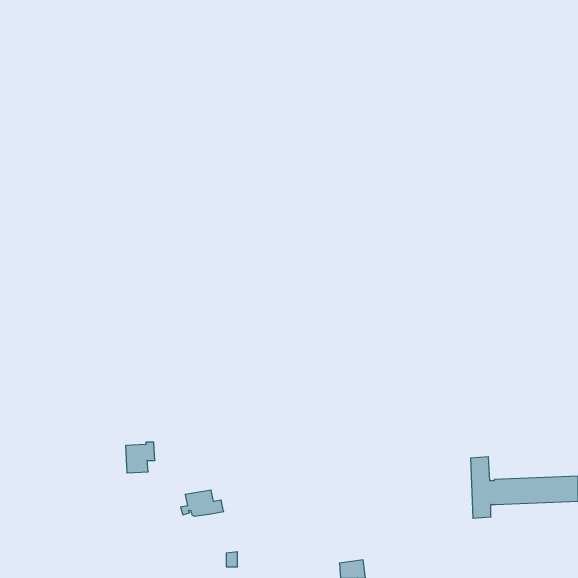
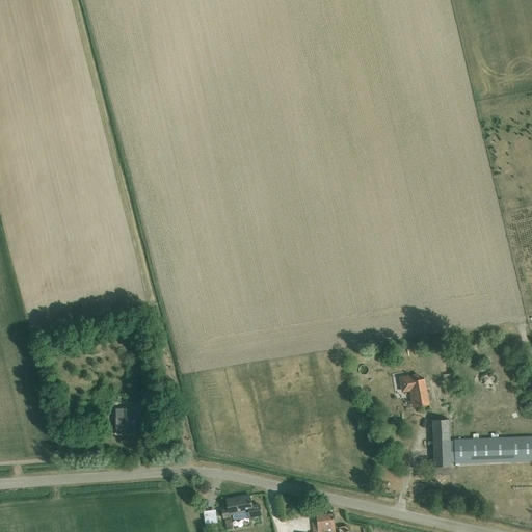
building: none -> [401,376,429,408]
building: [181,490,224,516] -> [220,496,260,520]

